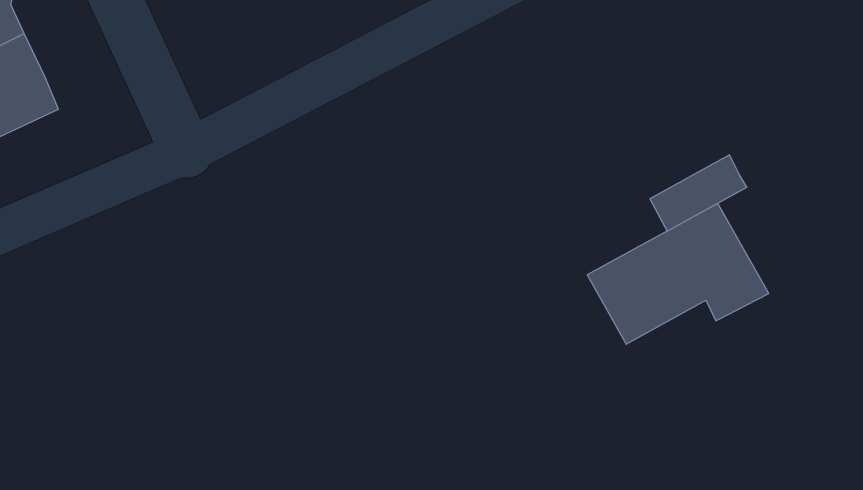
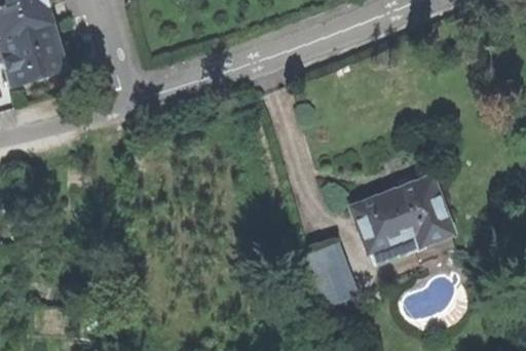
building: [650,155,747,231] -> [365,228,420,266]
building: none -> [308,238,364,307]

